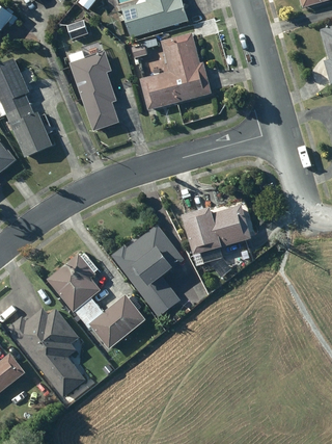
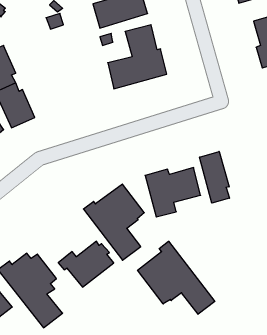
building: [70,51,119,131] -> none
building: none -> [200,151,229,203]
building: [48,253,101,319] -> none
building: none -> [138,241,215,314]

